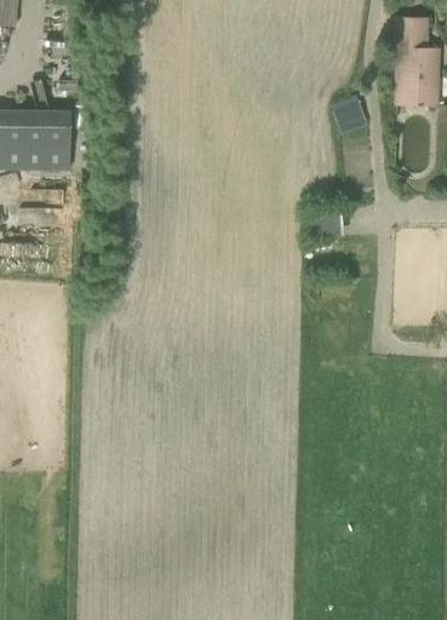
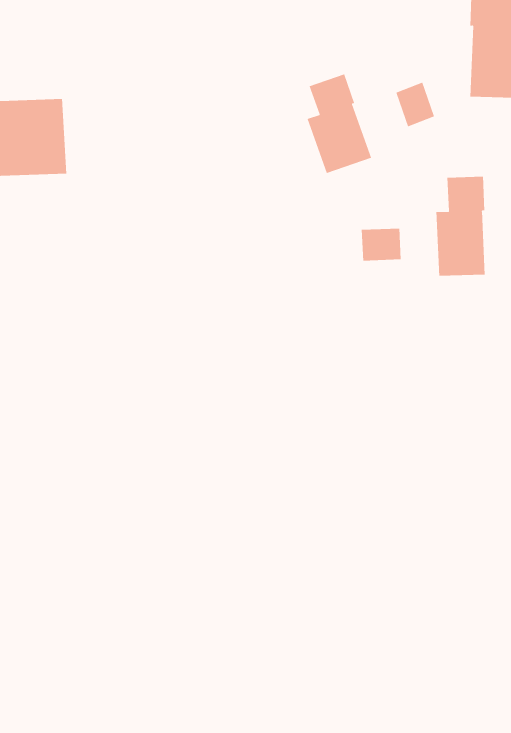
building: none -> [307,73,372,174]
building: none -> [436,176,485,276]

